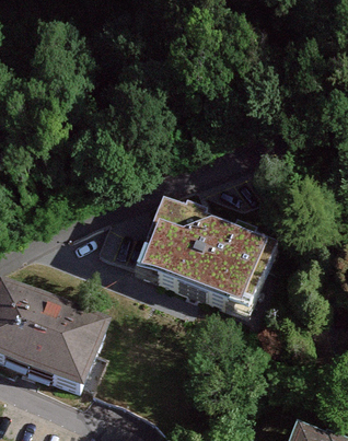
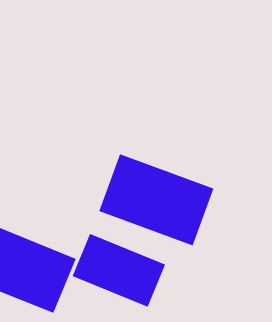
building: none -> [71,233,166,308]

